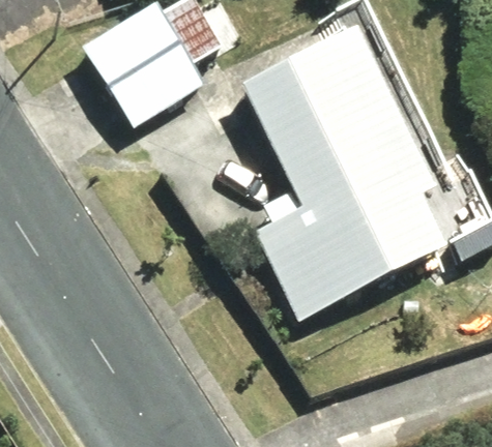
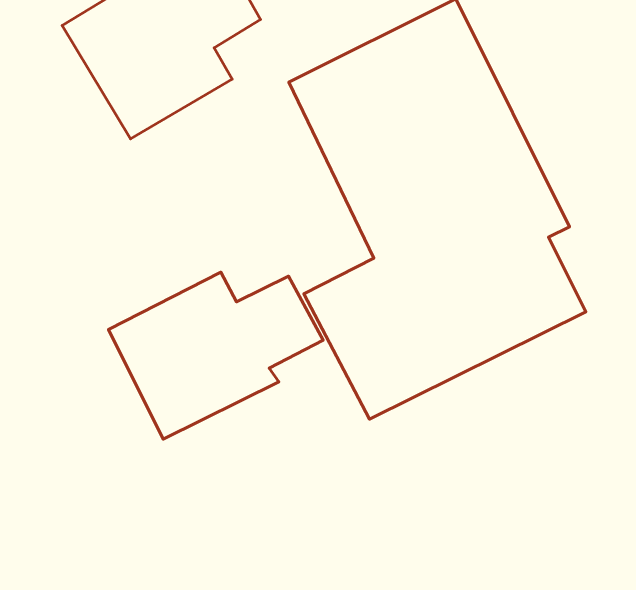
building: none -> [109,272,323,439]

